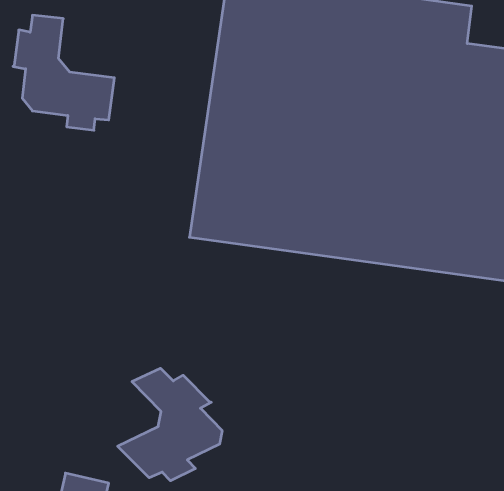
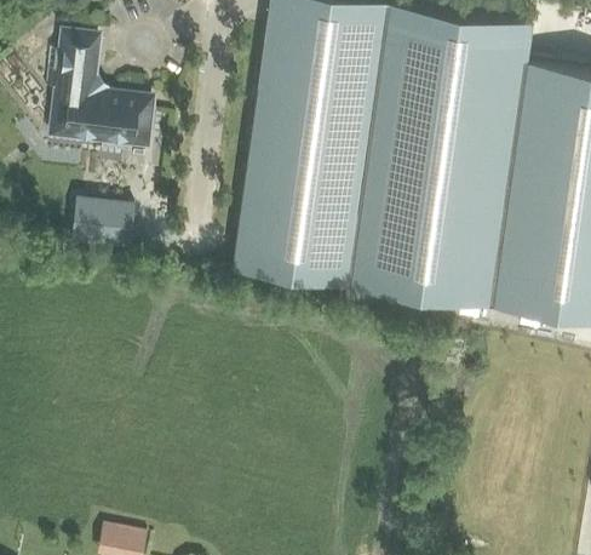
building: none -> [73,201,134,248]
building: [118,368,222,481] -> none

